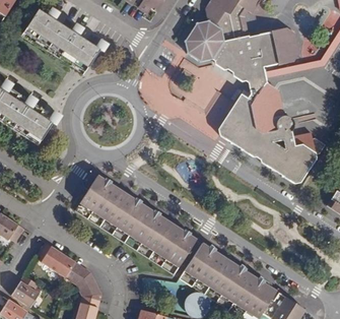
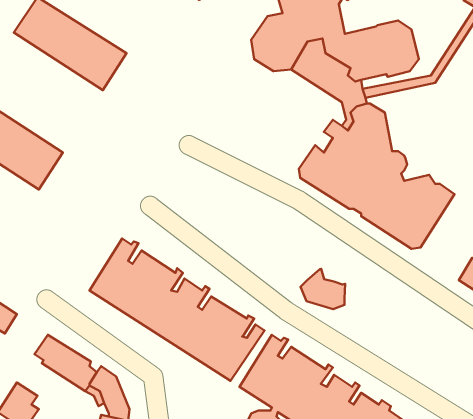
building: none -> [301,269,345,309]

